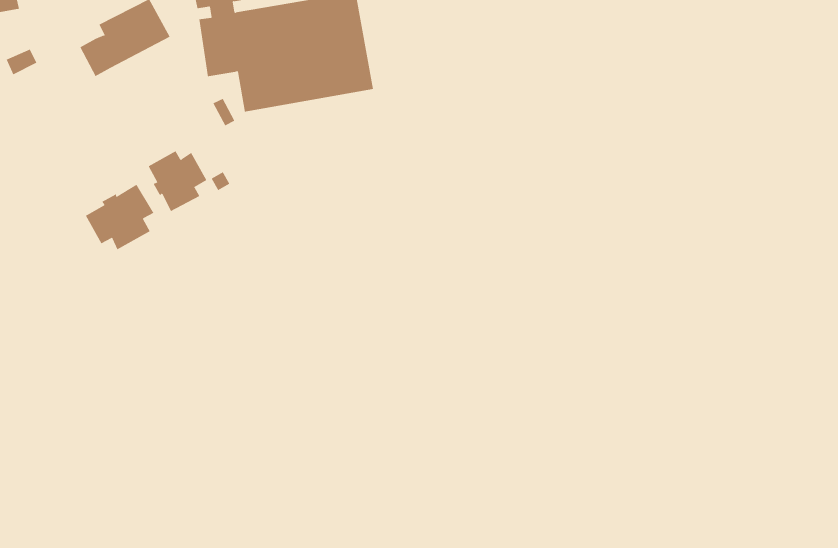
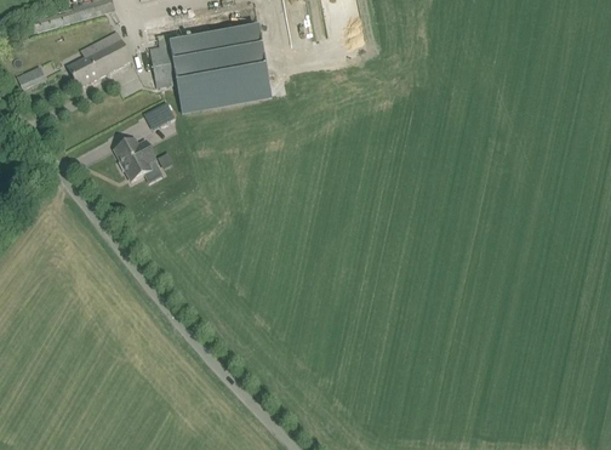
building: [85,184,154,250] -> none

